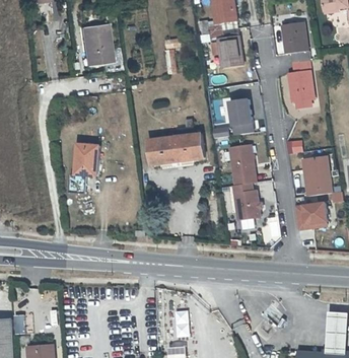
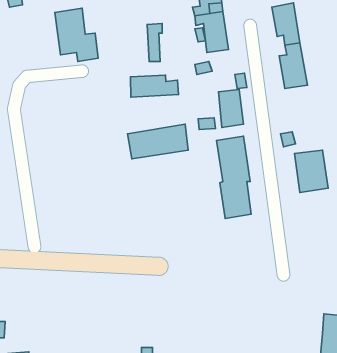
building: none -> [131,75,179,97]
building: [75,144,99,176] -> none
building: [294,203,329,230] -> none

